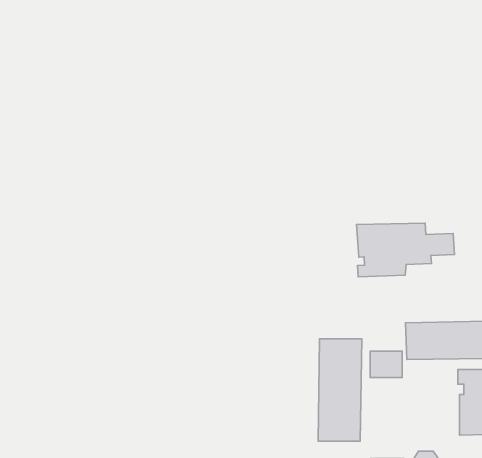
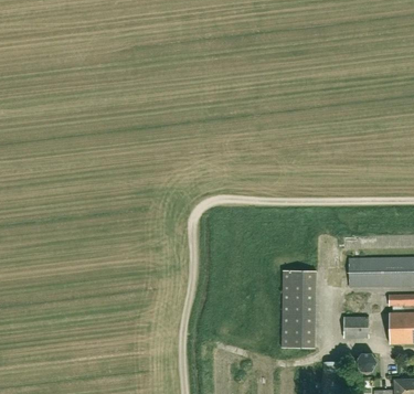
building: [357,223,454,277] -> none
building: [370,351,402,377] -> [343,317,368,337]

